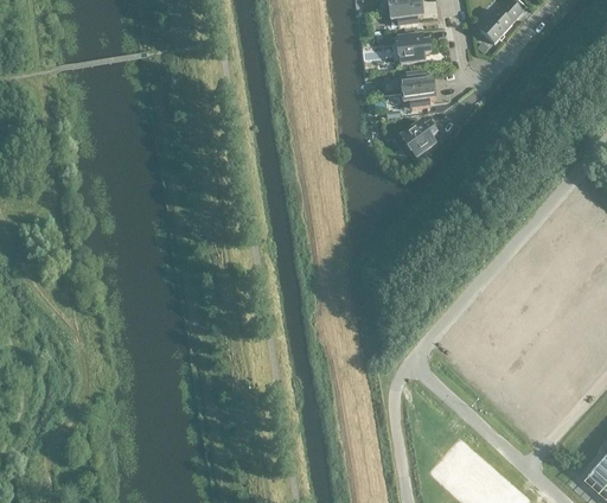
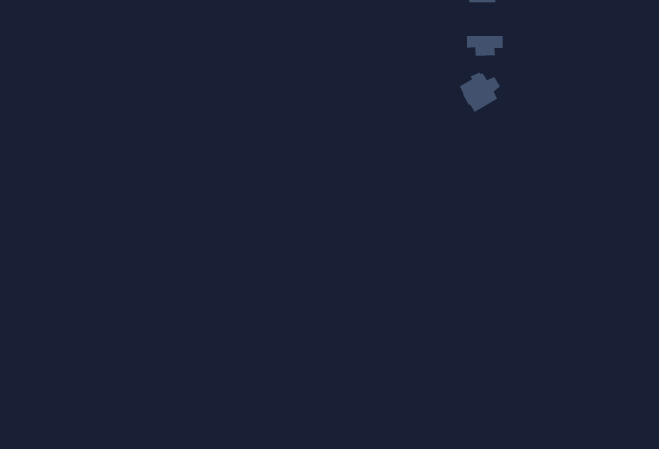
building: [401,70,434,90] -> none

